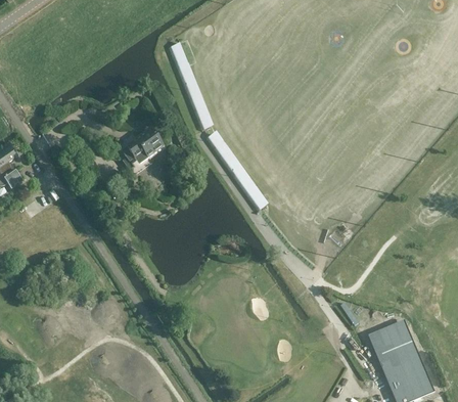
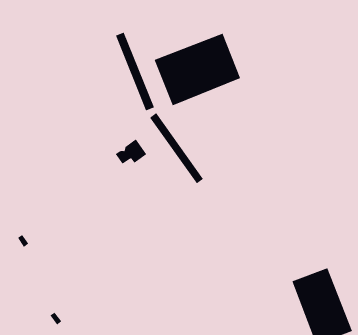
building: none -> [154,33,241,106]
building: [126,132,162,161] -> [115,139,147,164]

